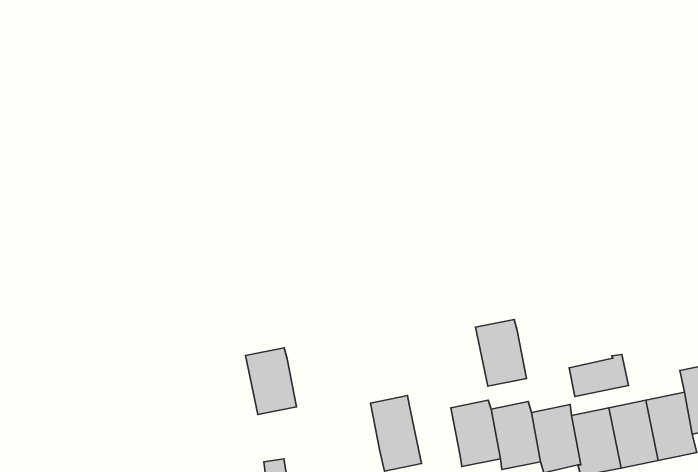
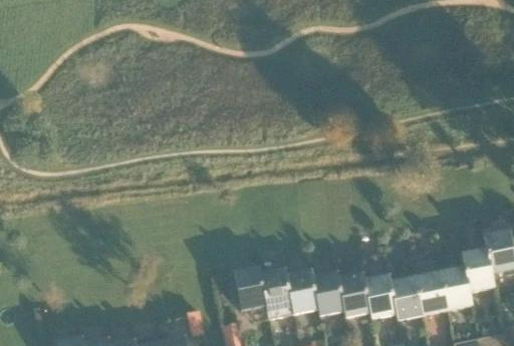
building: [475,320,526,386] -> [286,270,319,313]
building: [245,348,297,414] -> [234,267,267,310]
building: [569,355,629,396] -> none

